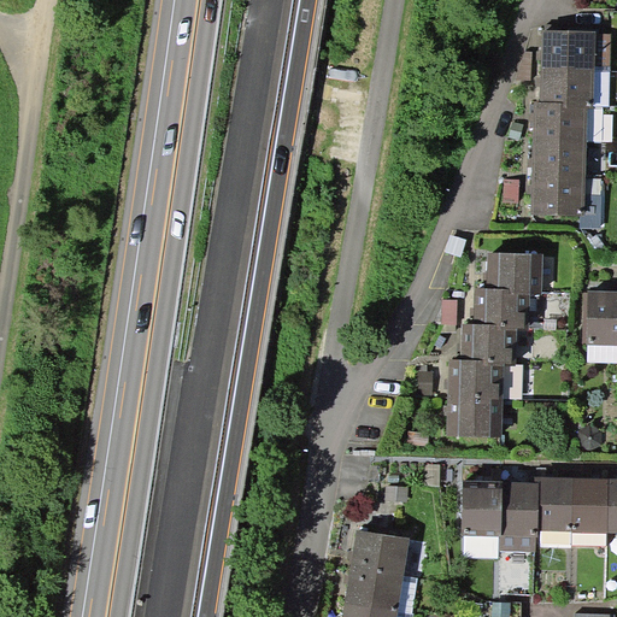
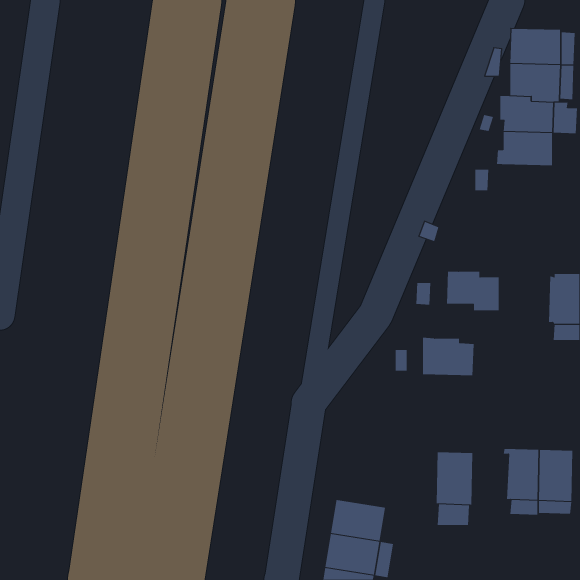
building: [527,175,605,228] -> none
building: [487,253,543,294] -> none
building: [462,323,517,365] -> none
building: [447,398,503,437] -> none
building: [500,481,540,552] -> none

